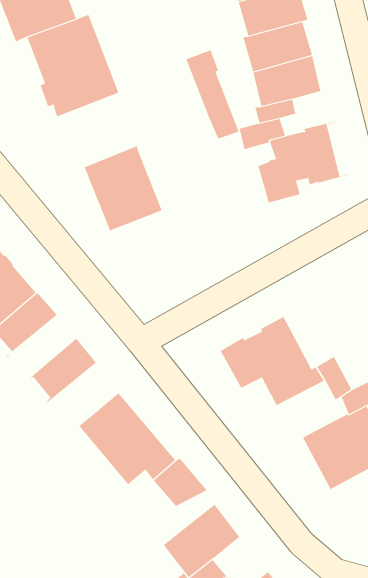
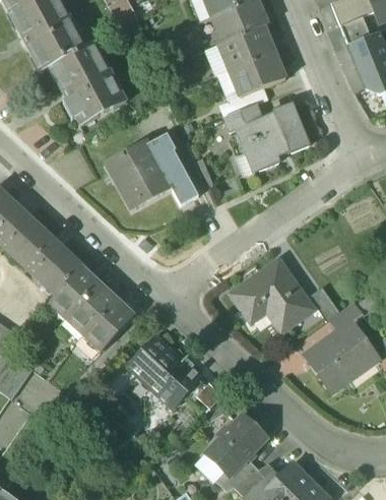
building: [185,49,240,139] -> [147,133,197,203]
building: none -> [65,280,117,335]

